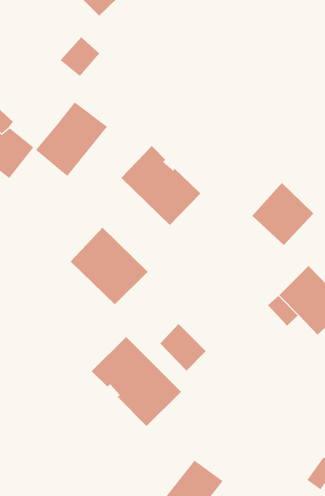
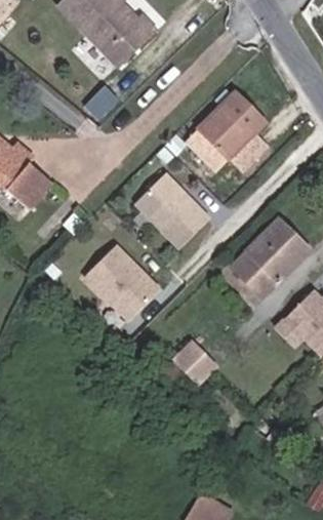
building: none -> [188,93,257,162]
building: [35,101,108,177] -> none
building: none -> [238,246,285,292]
building: [91,336,182,427] -> none

